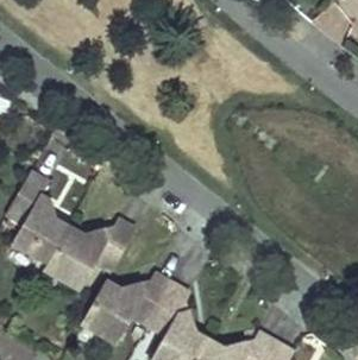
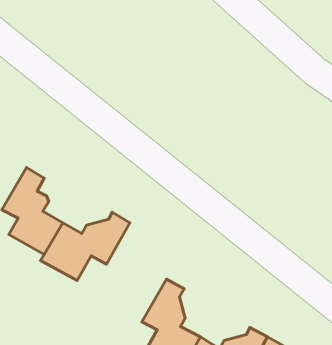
building: [80,273,171,343] -> none

